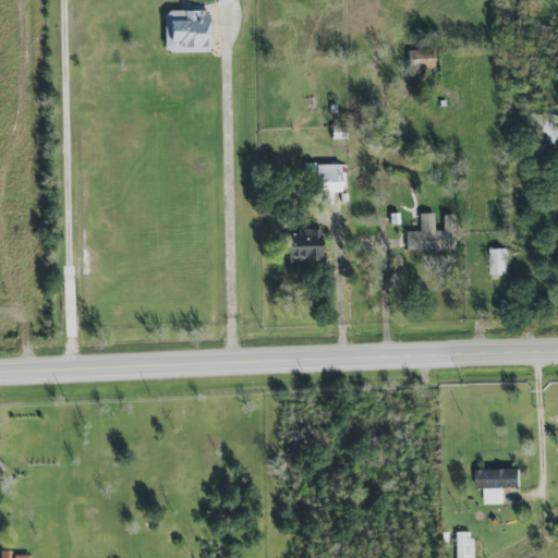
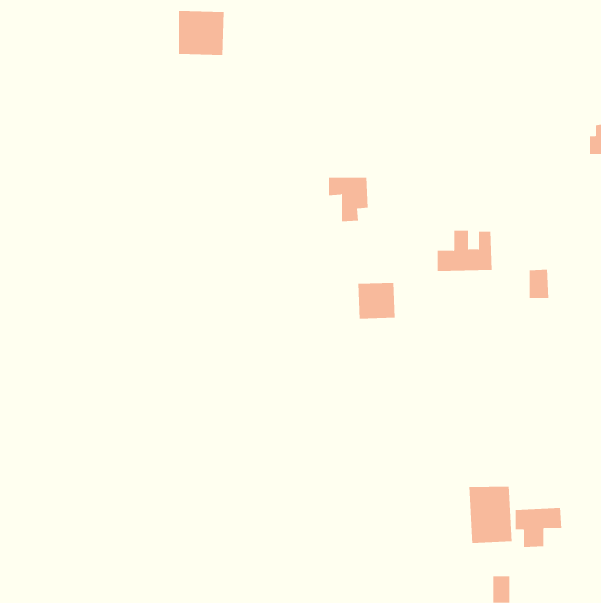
building: [409,48,435,70] -> none
building: [288,229,323,263] -> [358,282,395,319]
building: none -> [469,486,512,544]

